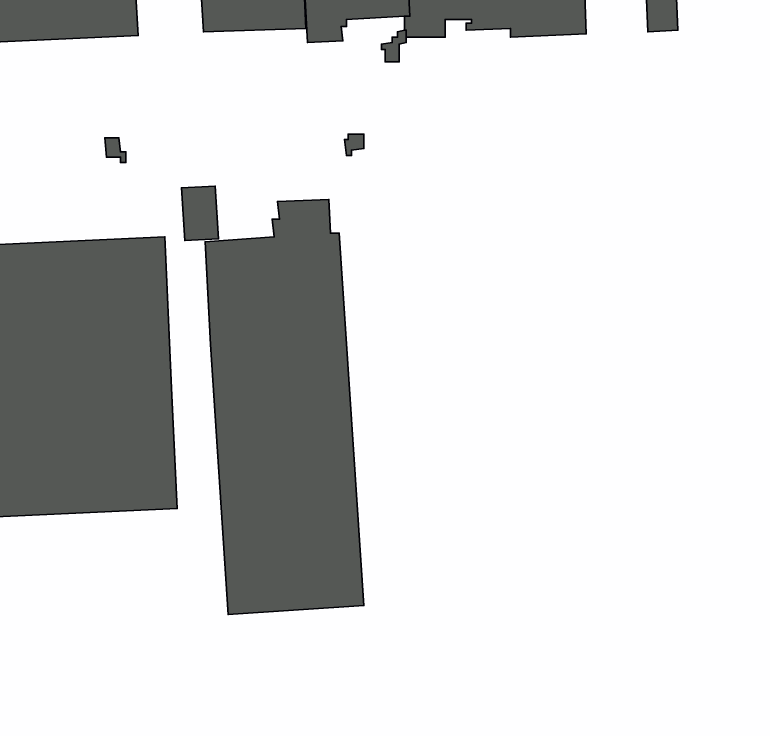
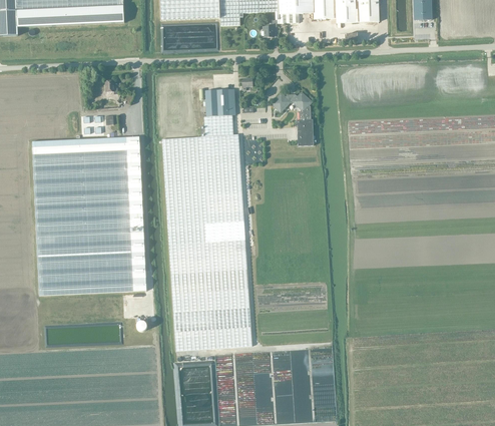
building: none -> [203,88,234,115]
building: none -> [271,91,314,144]
building: [182,186,219,240] -> none

